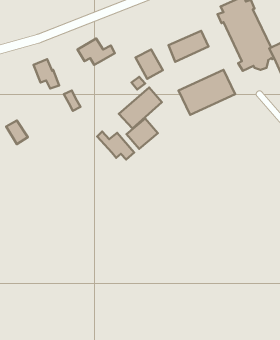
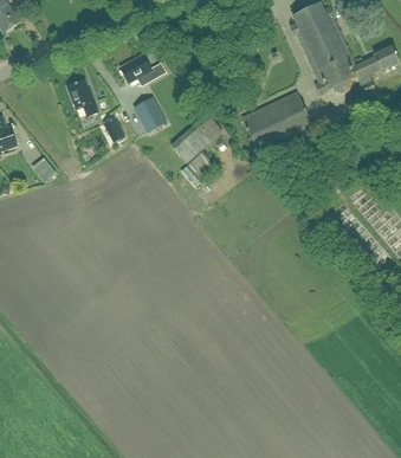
building: [168,31,208,62] -> none
building: [136,50,163,79] -> [132,96,166,131]
building: [97,131,134,159] -> none

